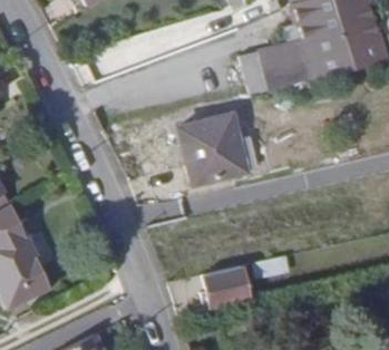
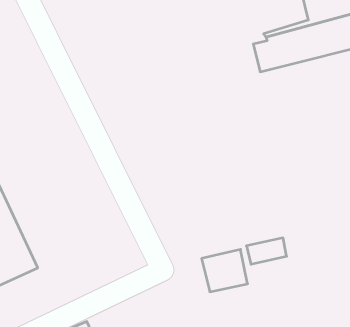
building: [178,116,245,185] -> none

